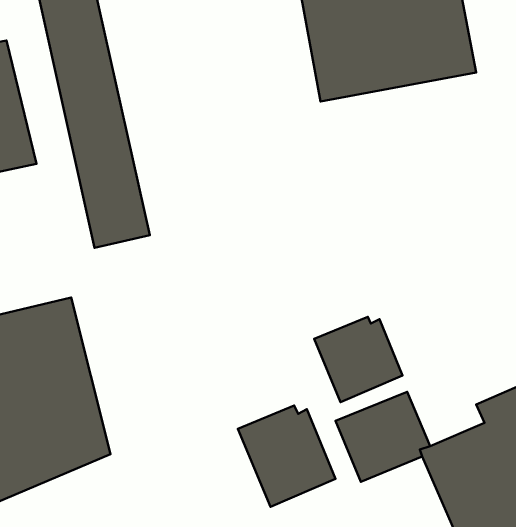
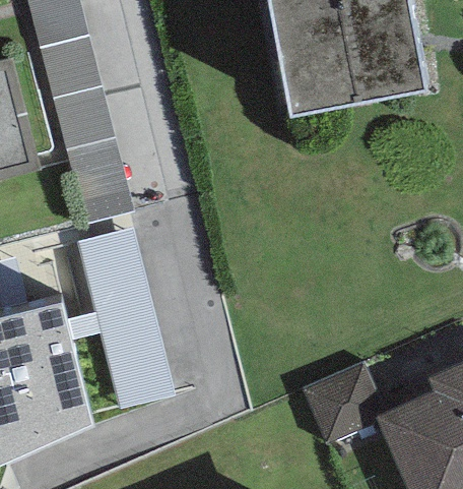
building: none -> [83,238,181,420]
building: [314,317,402,402] -> none
building: [238,405,335,507] -> none

